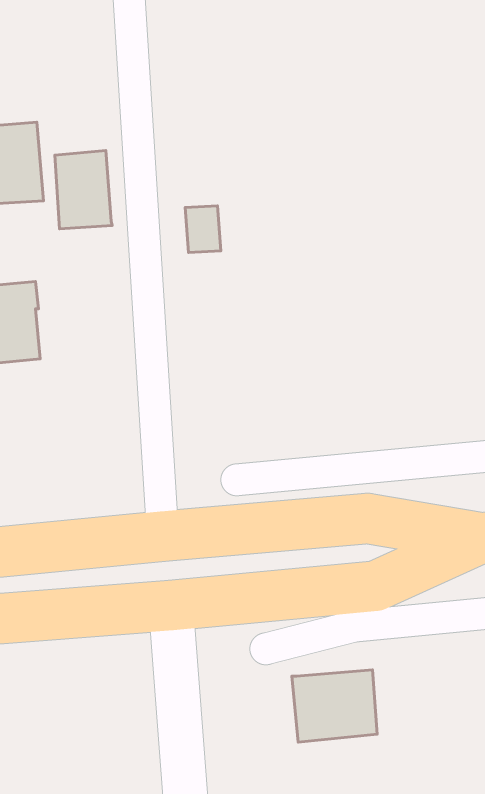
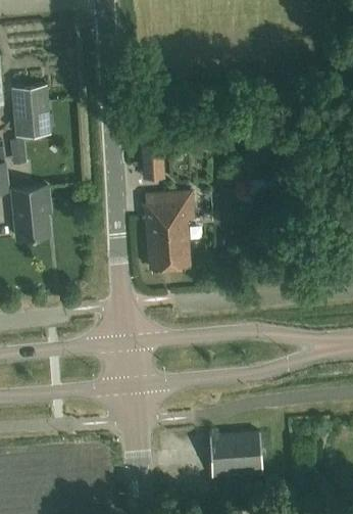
building: [55,151,112,229] -> none
building: none -> [144,193,194,271]

